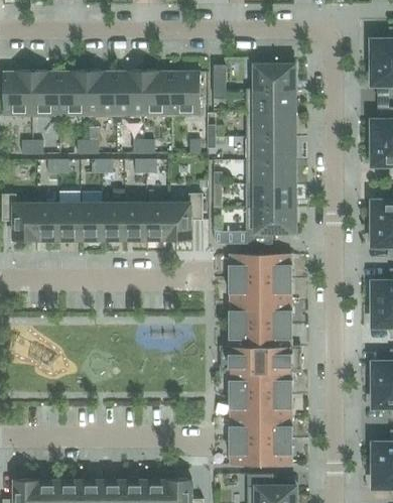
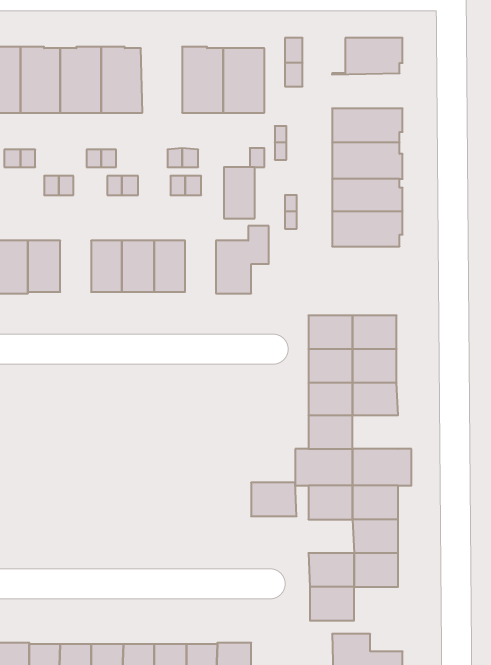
building: [115,71,143,116] -> none
building: [246,89,294,113] -> none
building: [59,204,81,239] -> none
building: [145,204,166,239] -> [224,167,255,218]
building: [246,208,294,244] -> none
building: [260,324,291,347] -> none
building: [230,395,261,418] -> [251,483,297,516]
building: [261,442,291,465] -> none

